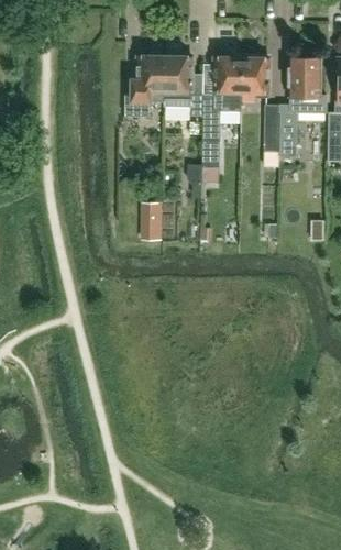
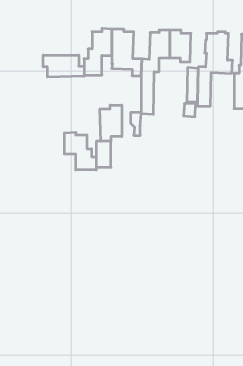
building: none -> [43,55,84,77]
building: none -> [100,105,122,141]
building: none -> [64,132,96,170]

